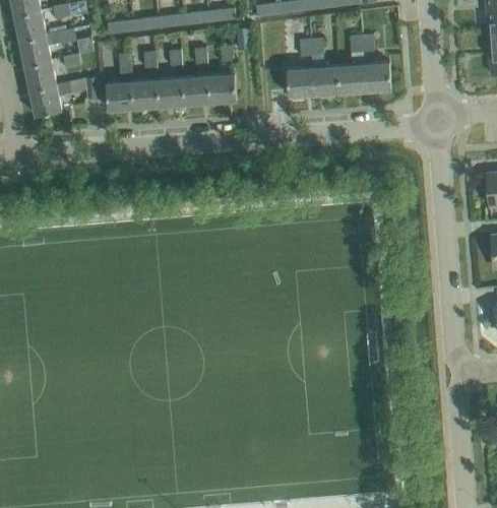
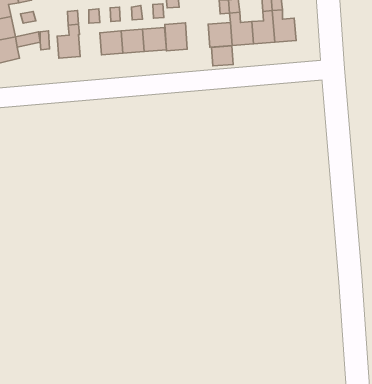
building: none -> [165,23,187,51]
building: [132,79,160,108] -> none
building: none -> [211,46,233,66]

